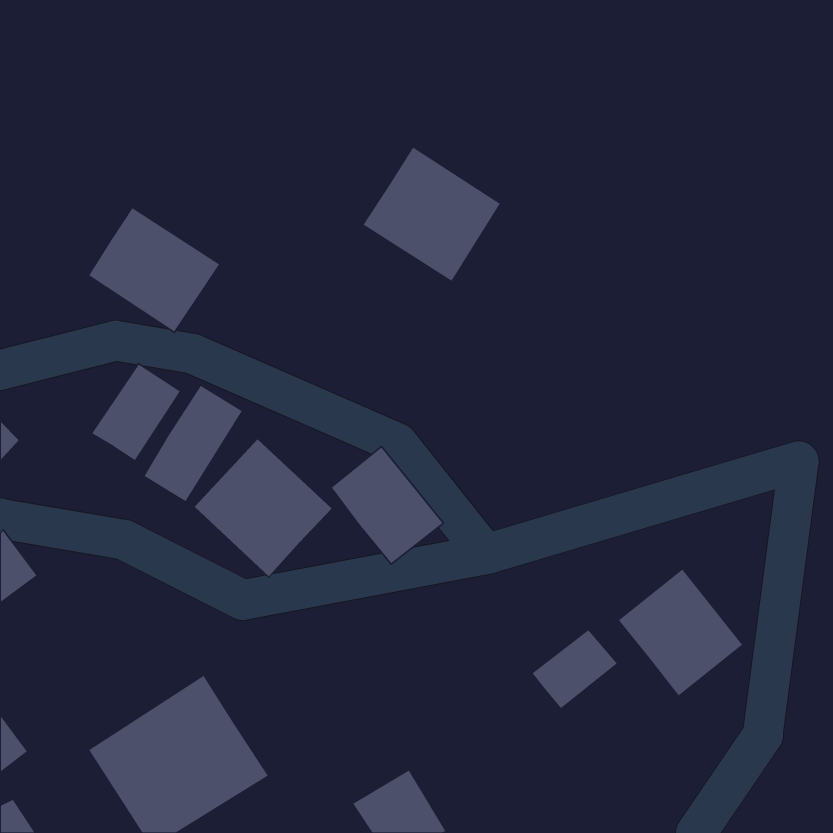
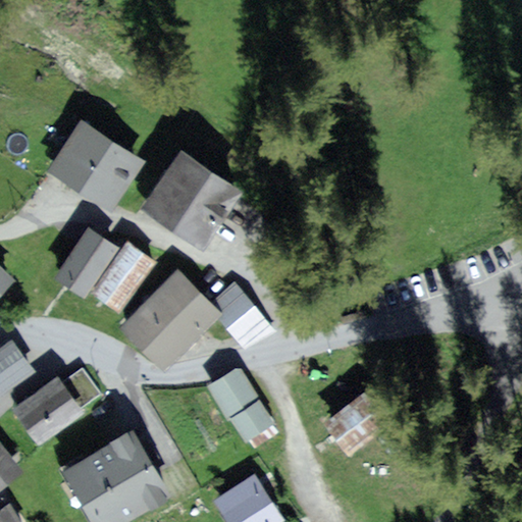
building: [362,146,501,282] -> [149,160,236,245]
building: [618,569,743,696] -> none
building: none -> [6,367,97,443]
building: none -> [207,371,274,449]

